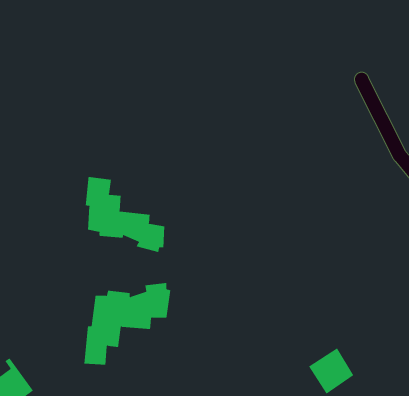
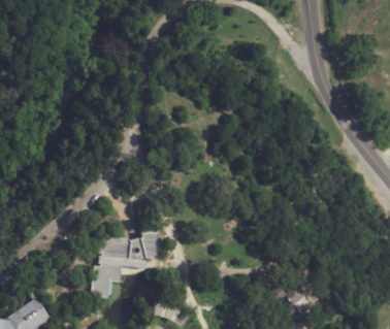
building: [85,176,165,253] -> none

